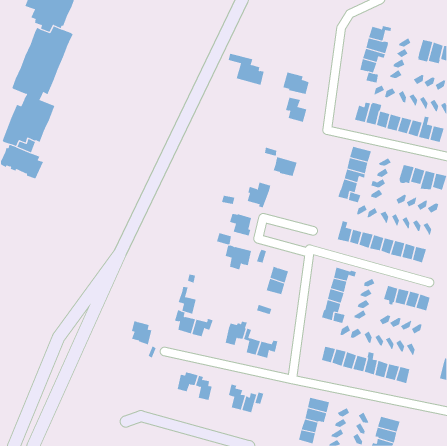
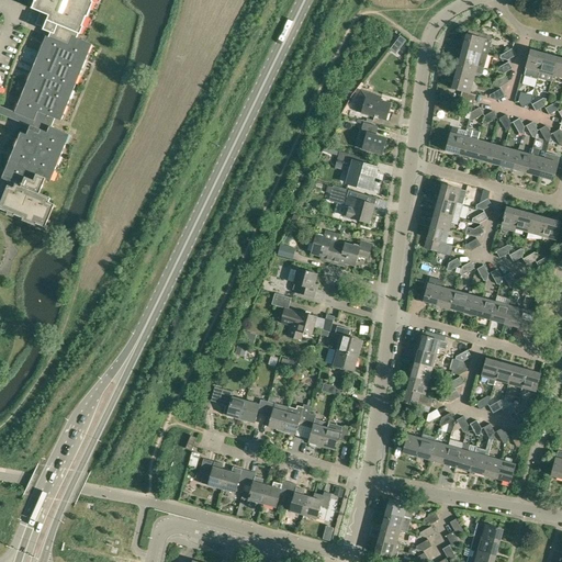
building: [228,53,265,85] -> [336,150,382,191]
building: none -> [330,239,372,265]
building: [178,286,196,314] -> [263,395,286,430]
building: [131,321,152,345] -> [200,458,226,488]
building: none -> [262,480,290,507]

